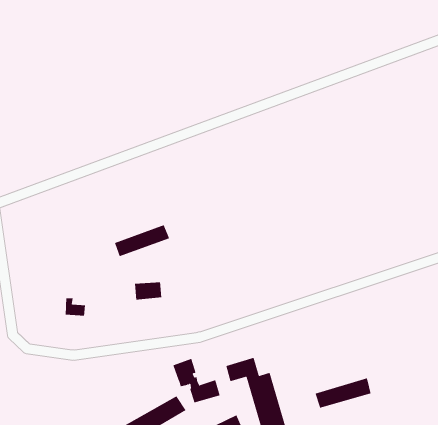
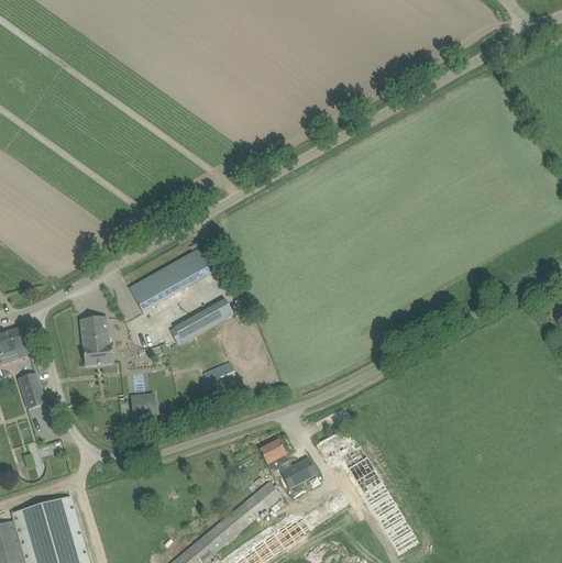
building: none -> [128,246,213,312]
building: none -> [79,317,111,365]
building: [315,378,371,409] -> none

